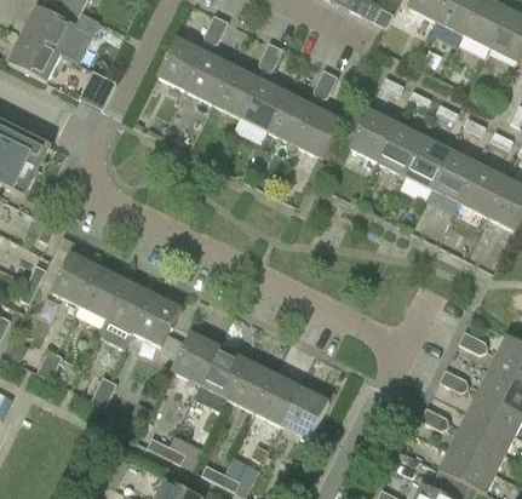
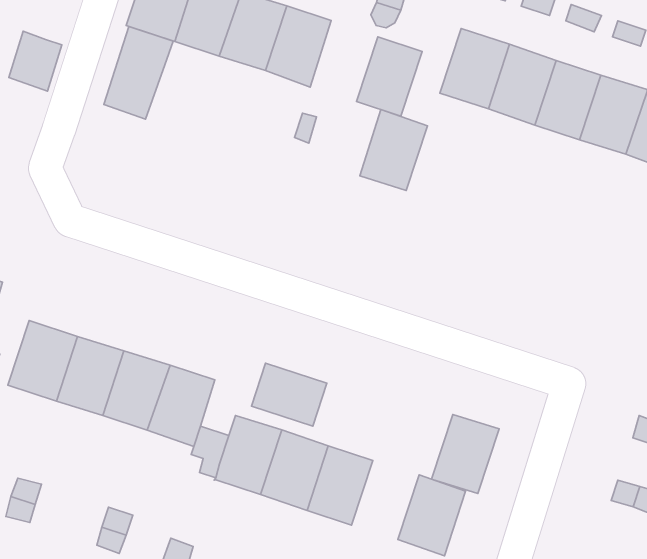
building: none -> [104,27,173,119]
building: [268,91,315,144] -> [360,109,428,190]
building: none -> [251,363,327,426]
building: [253,372,300,424] -> [432,415,499,494]

